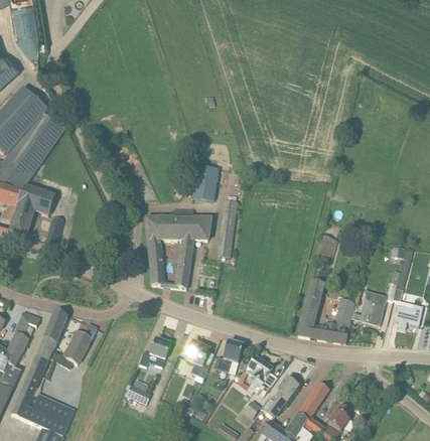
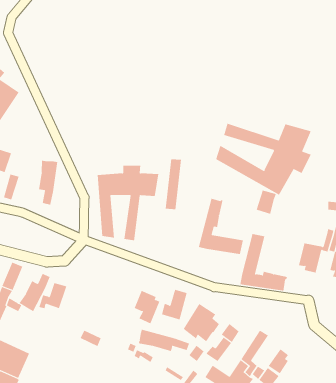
building: none -> [216,123,311,196]
building: [193,164,219,199] -> none
building: none -> [39,160,58,206]
building: none -> [198,198,244,255]
building: [334,296,355,326] -> none
building: [140,337,170,365] -> [39,282,67,309]
building: none -> [138,329,190,352]

